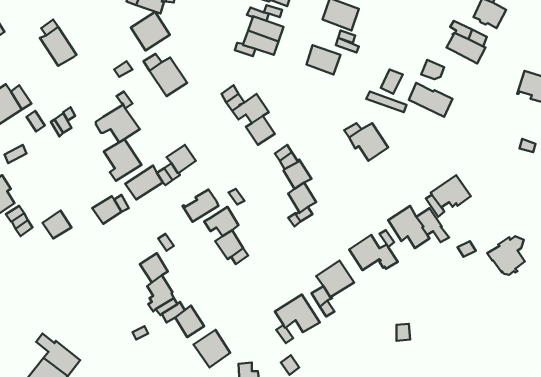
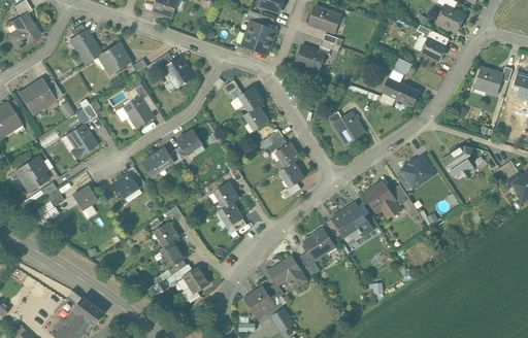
building: [131,12,170,51] -> [98,42,131,75]
building: [104,139,142,181] -> [66,124,98,159]
building: [183,190,218,222] -> none
building: [487,236,525,275] -> [441,145,473,178]
building: [194,330,230,368] -> [244,285,275,317]

